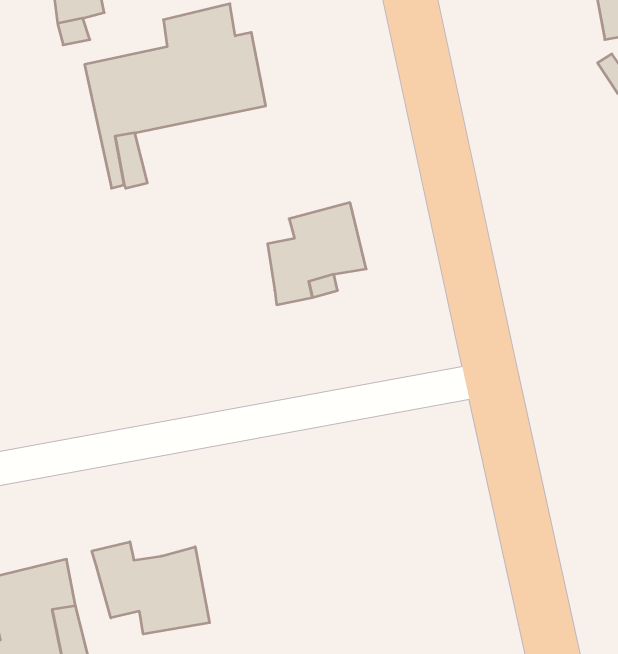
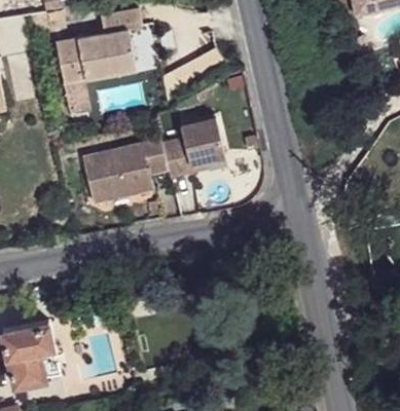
building: none -> [79,136,168,202]
building: [92,542,210,634] -> none

